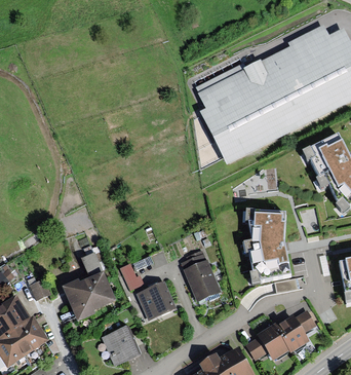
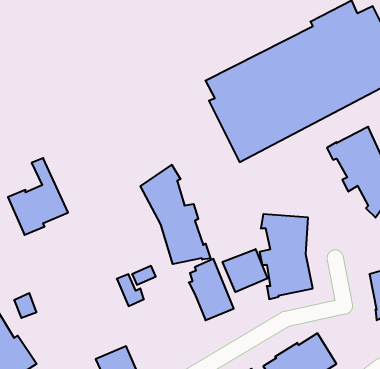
building: none -> [140,165,210,264]
building: none -> [223,249,267,292]
building: [63,254,115,321] -> [8,158,68,235]
building: [135,280,174,318] -> none

